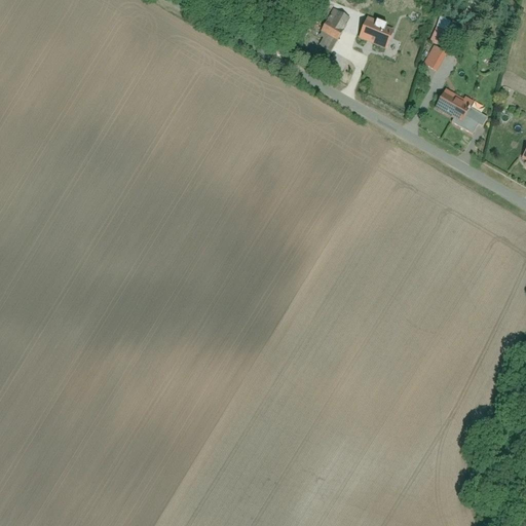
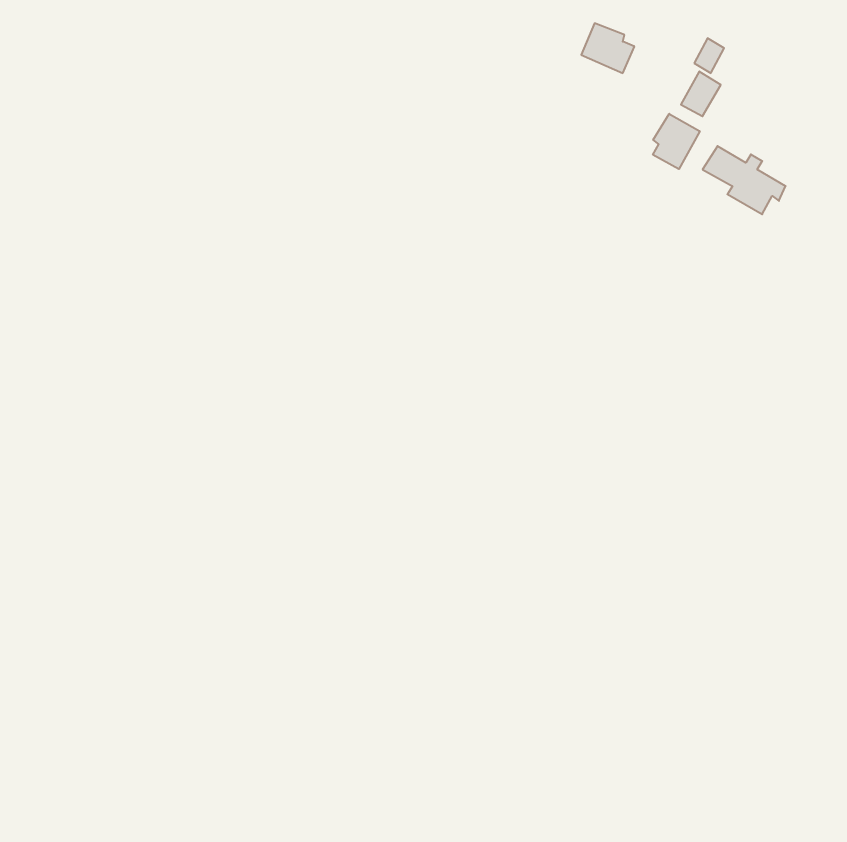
building: [320,9,349,40] -> none
building: none -> [653,114,700,169]

